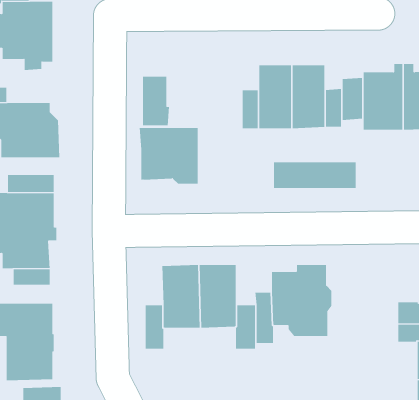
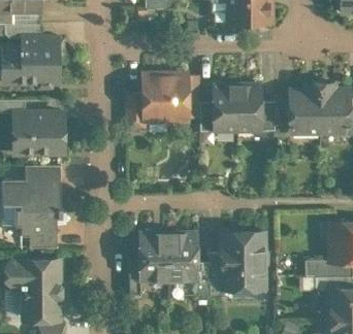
building: [139,127,199,184] -> [143,76,188,119]
building: [273,162,356,189] -> none

